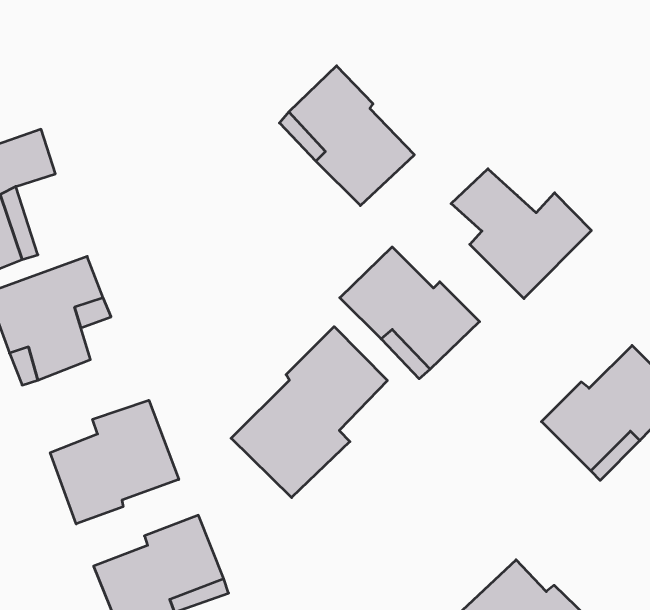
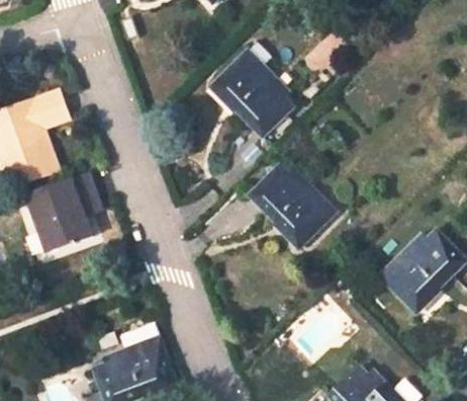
building: [451,169,591,299] -> none
building: [231,327,387,498] -> none
building: [50,400,179,524] -> none

